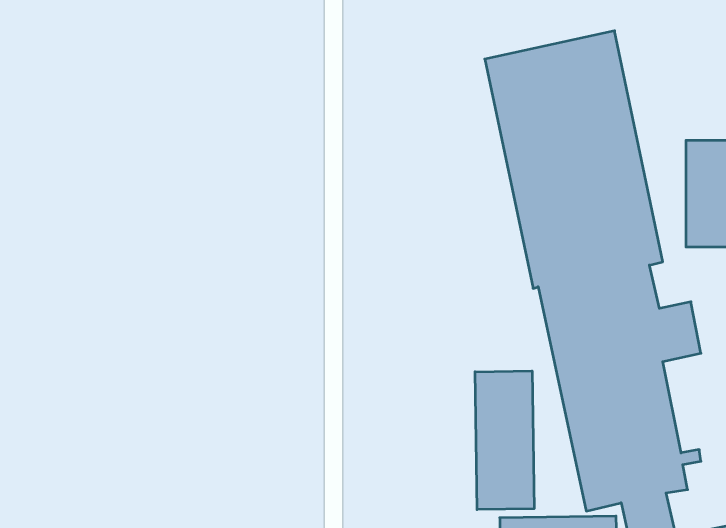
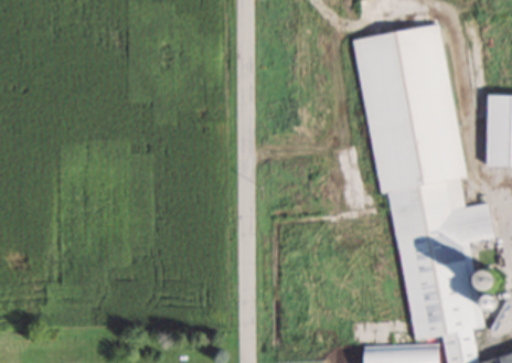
building: [475,371,534,510] -> none

